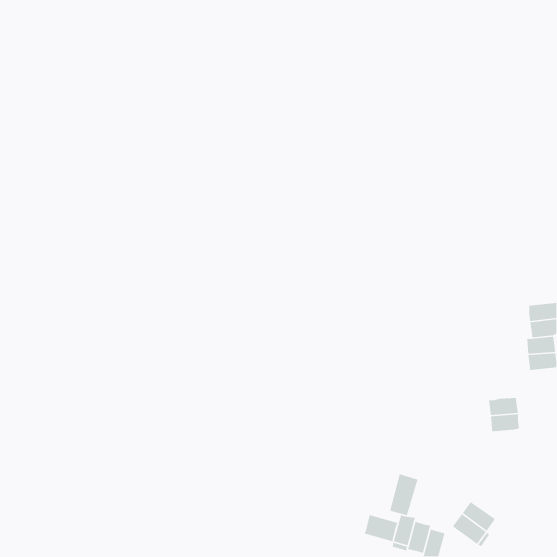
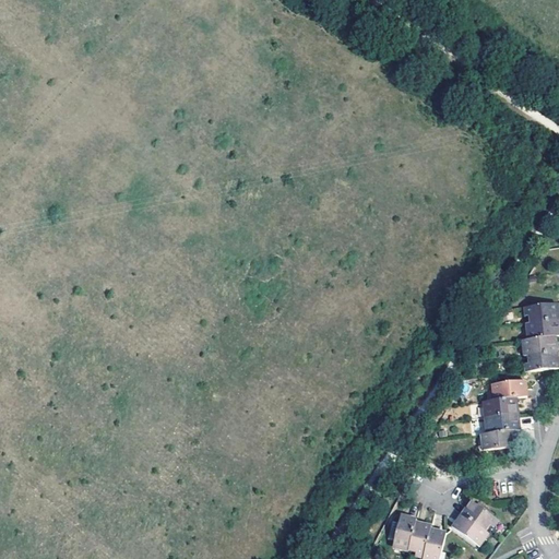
building: none -> [496,379,526,397]
building: none -> [485,429,515,448]
building: [389,473,418,516] -> none
building: [364,514,398,542] -> none

